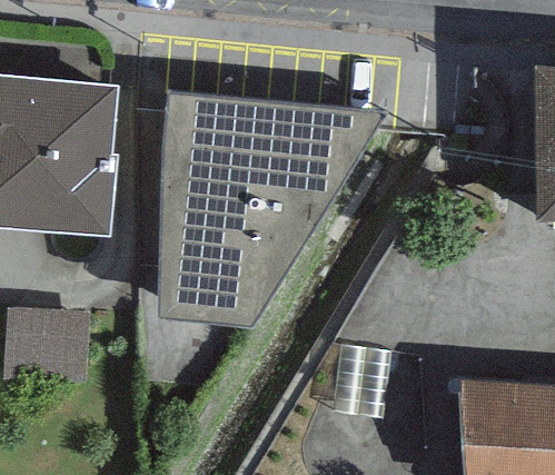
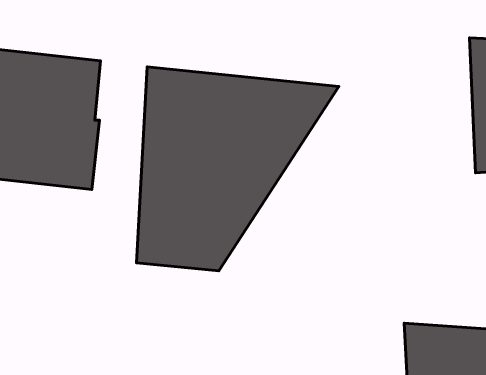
building: [9,313,97,389] -> none

